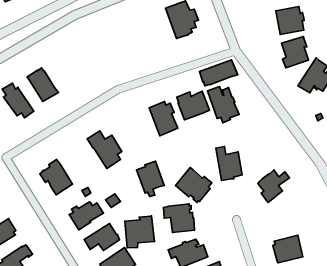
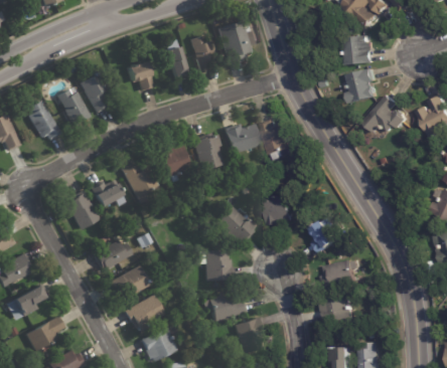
building: none -> [190,33,218,72]
building: none -> [160,43,187,79]
building: none -> [127,58,155,89]
building: none -> [80,70,109,112]
building: [199,60,238,86] -> none
building: none -> [93,180,126,206]
building: [136,161,164,196] -> [160,143,190,182]
building: none -> [321,261,357,293]
building: [125,216,154,248] -> none

